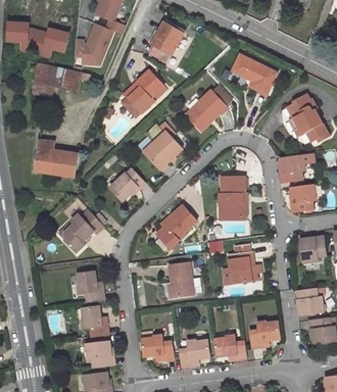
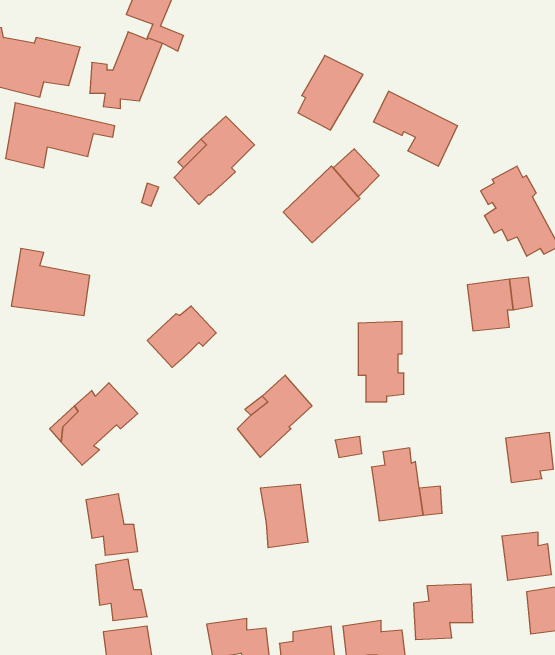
building: [149,21,184,61] -> [298,55,363,130]
building: [142,133,182,172] -> none
building: [289,186,315,211] -> none

